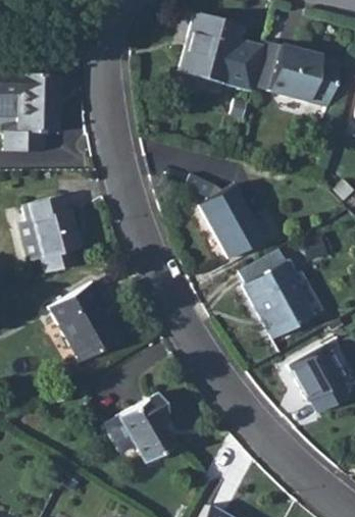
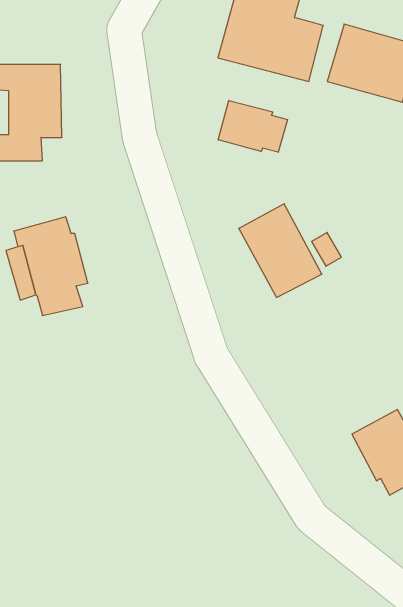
building: none -> [218,100,287,152]
building: [243,261,312,339] -> none
building: [52,280,120,358] -> none
building: [107,390,174,458] -> none

